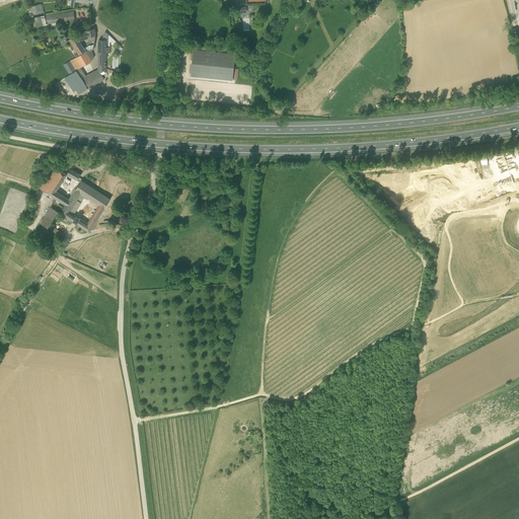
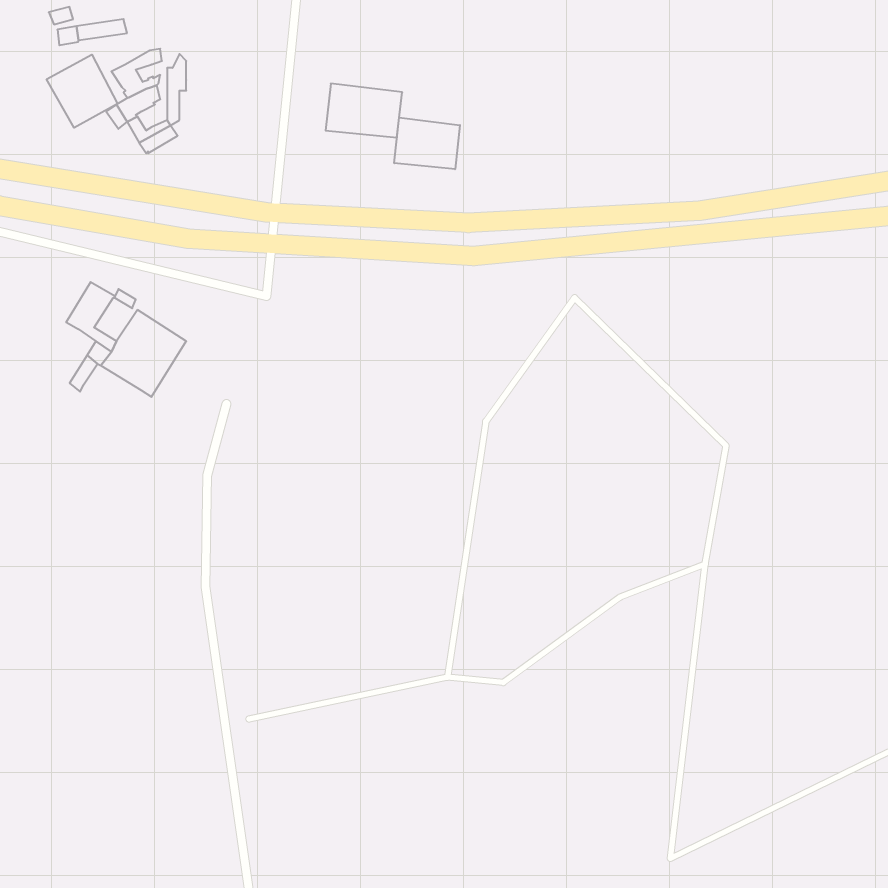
building: none -> [47,55,118,128]
building: none -> [394,117,460,169]

